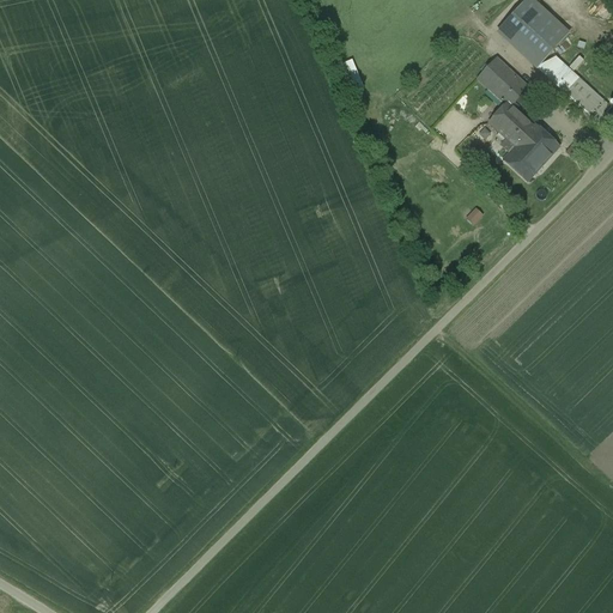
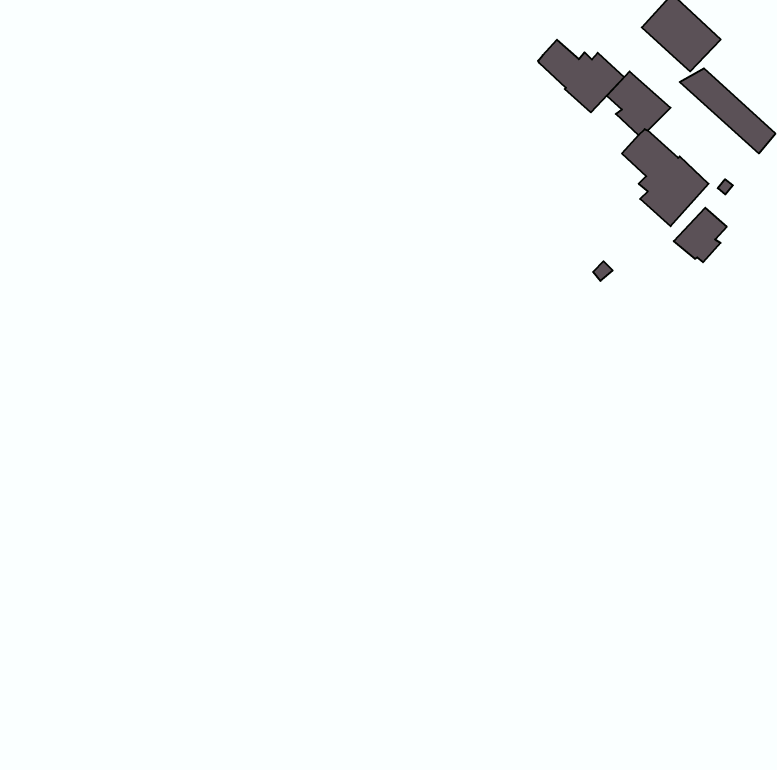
building: none -> [538,40,624,112]
building: none -> [674,208,727,262]

